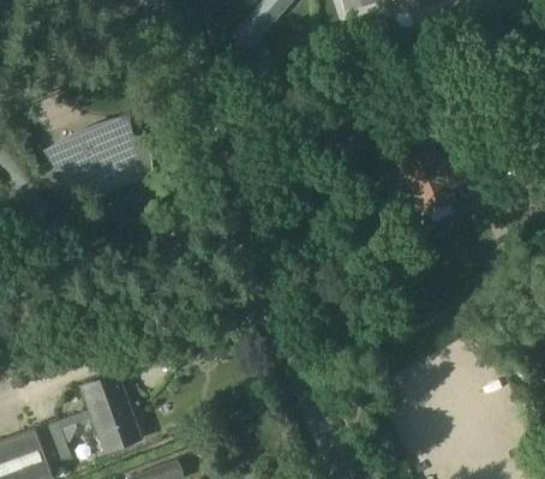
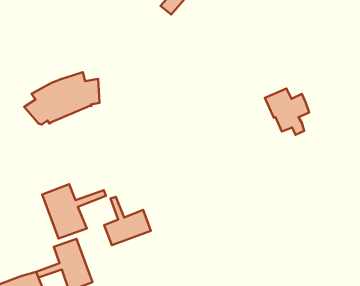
building: none -> [42,184,106,239]
building: none -> [104,197,151,245]

